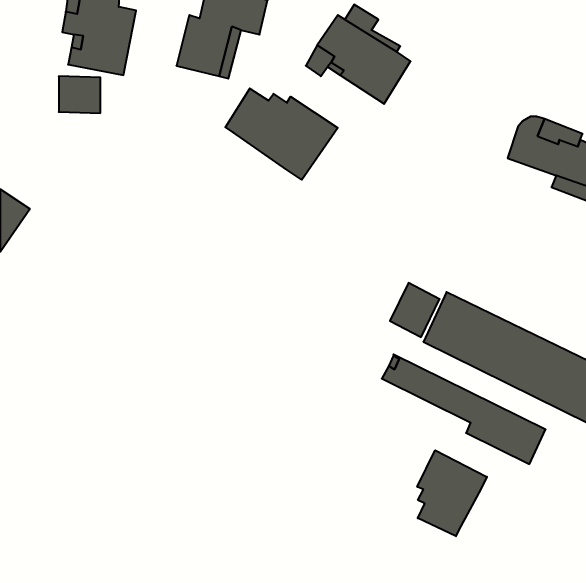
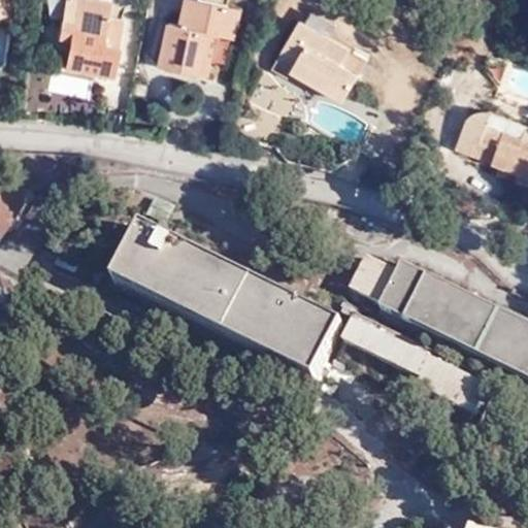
building: [225,88,338,180] -> none
building: none -> [114,222,341,376]
building: [417,450,487,536] -> none

